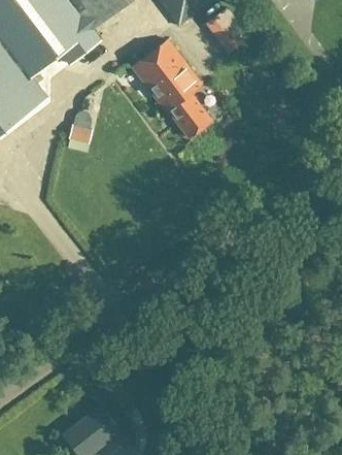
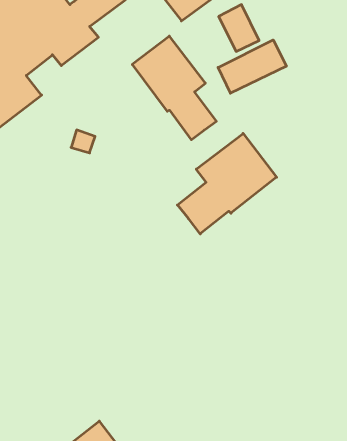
building: none -> [218,40,286,93]
building: none -> [177,133,277,234]

